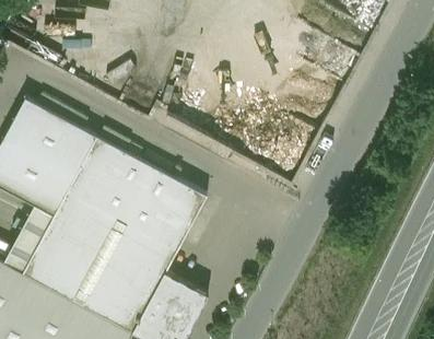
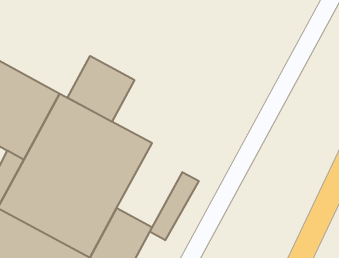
building: none -> [68,56,134,122]
building: none -> [150,172,199,240]

